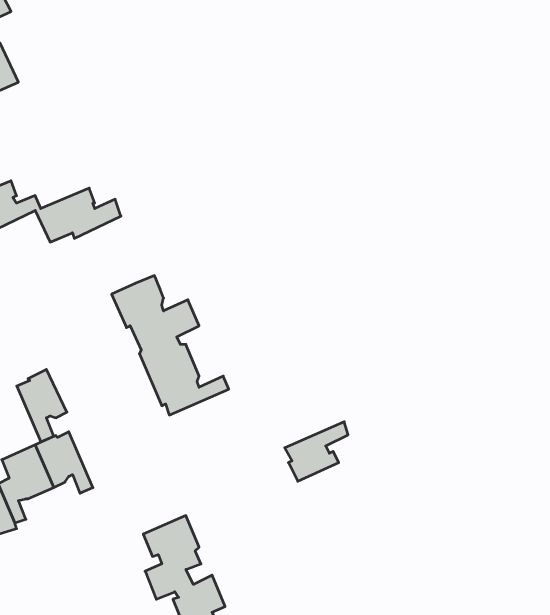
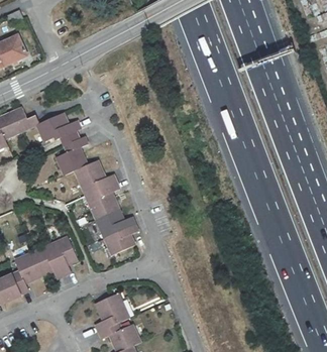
building: none -> [59,135,89,173]
building: [17,369,67,442] -> [52,235,80,274]
building: [285,422,348,481] -> [107,221,141,253]

